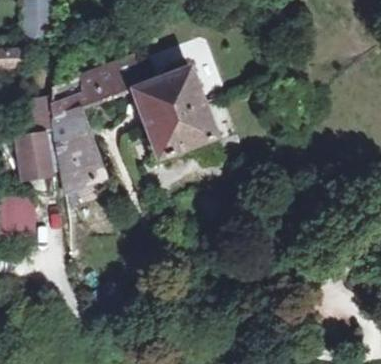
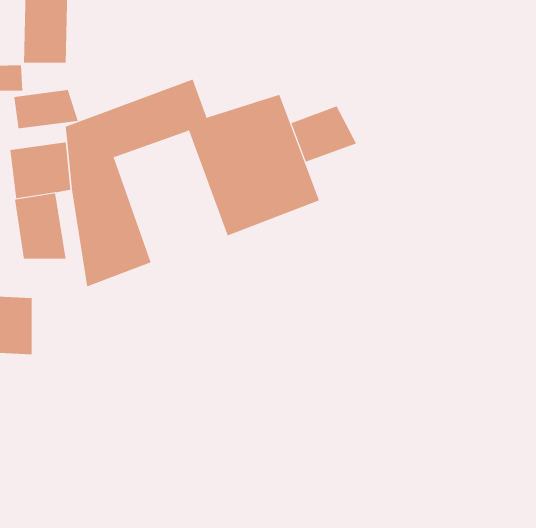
building: none -> [14,89,78,129]
building: none -> [291,106,357,163]

